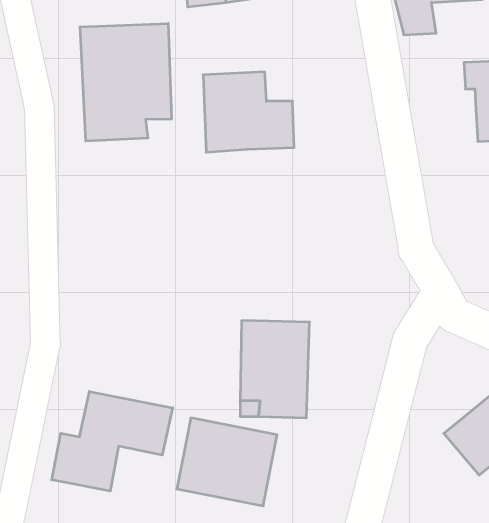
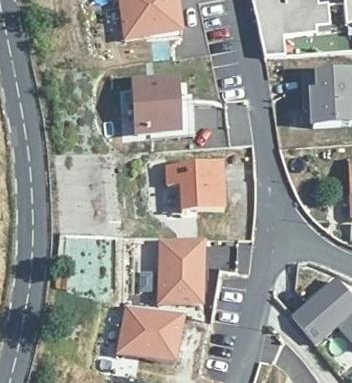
building: [80,23,172,141] -> none
building: none -> [166,160,223,209]
building: [52,391,173,491] -> none

